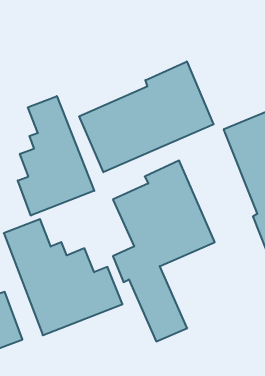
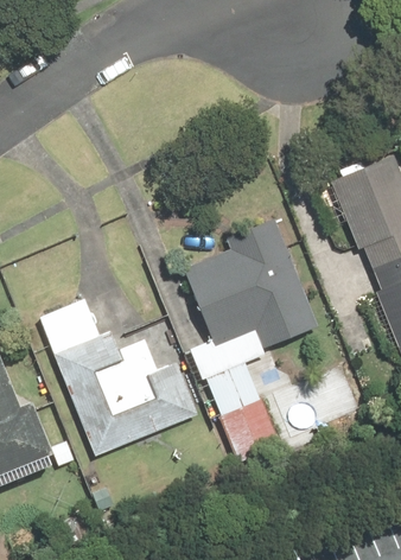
building: [79,61,214,172] -> none
building: [18,96,94,216] -> none

